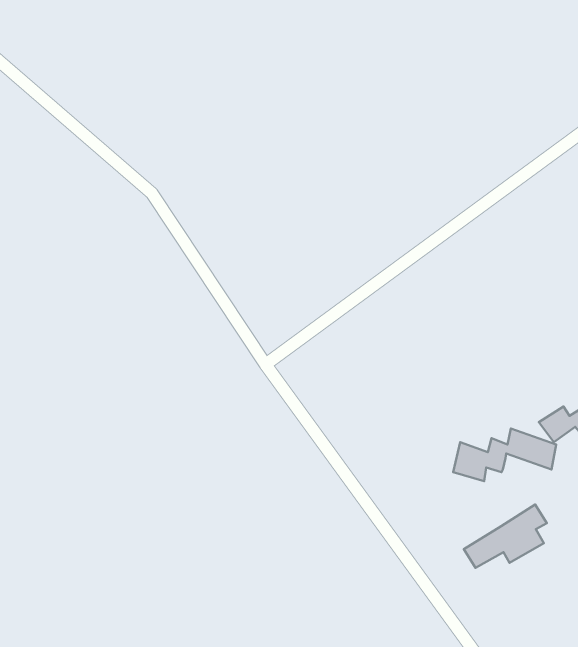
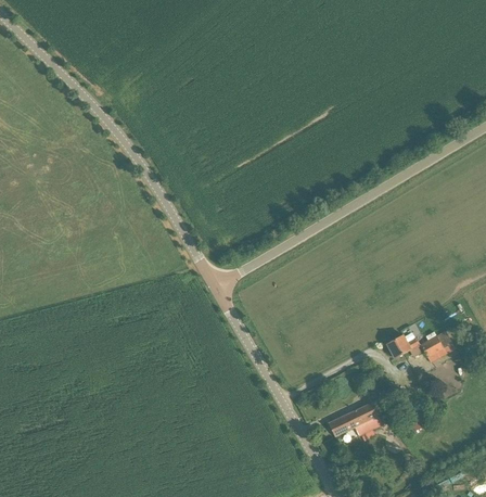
building: [453,429,556,481] -> none

